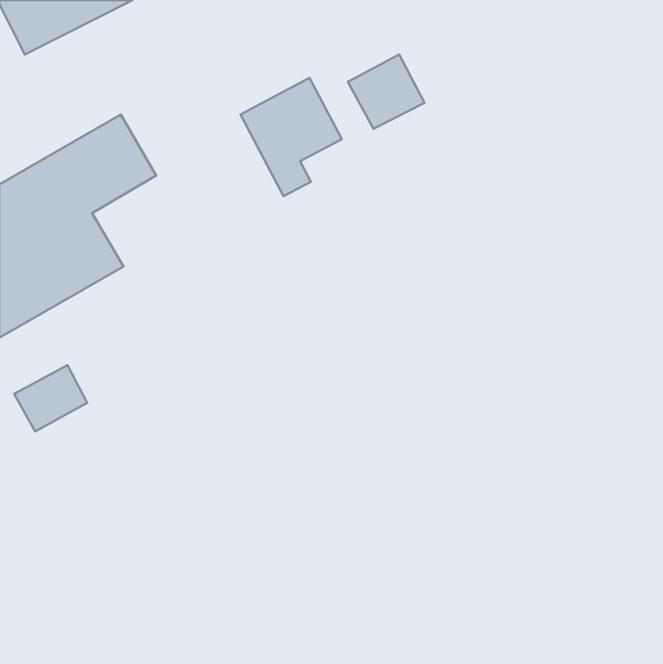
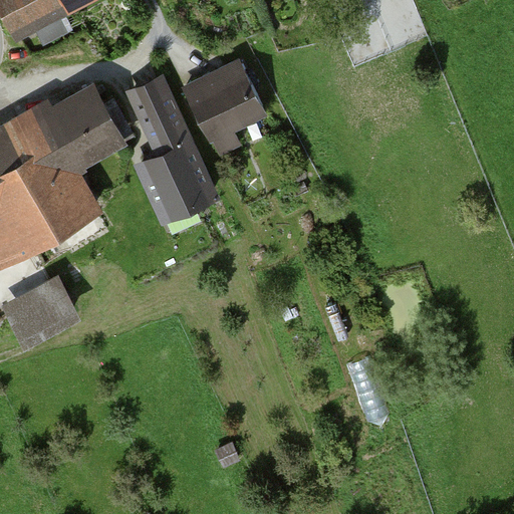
building: [348,55,424,129] -> none
building: none -> [133,79,213,216]

